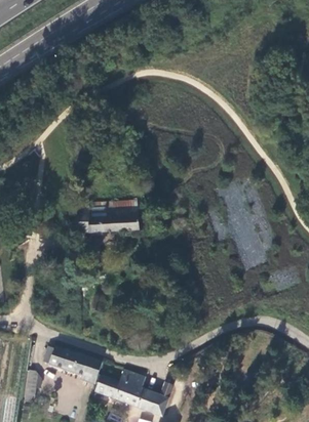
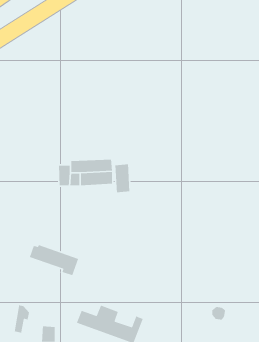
building: none -> [115,163,130,193]
building: [43,346,102,383] -> [29,244,79,276]

